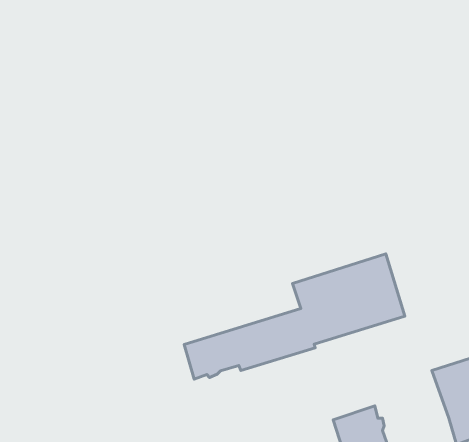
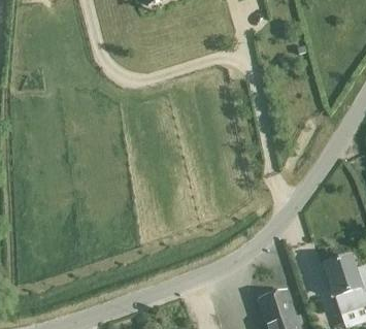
building: [184,254,405,379] -> none

